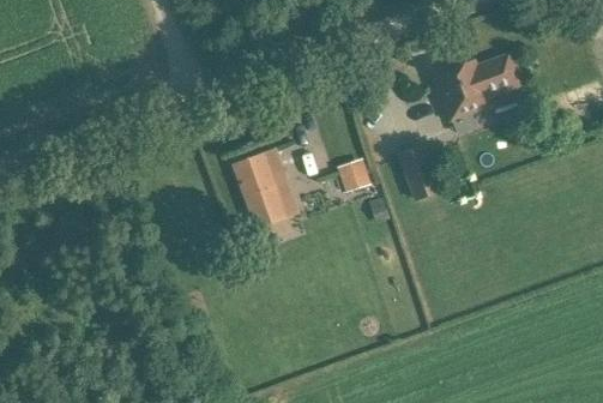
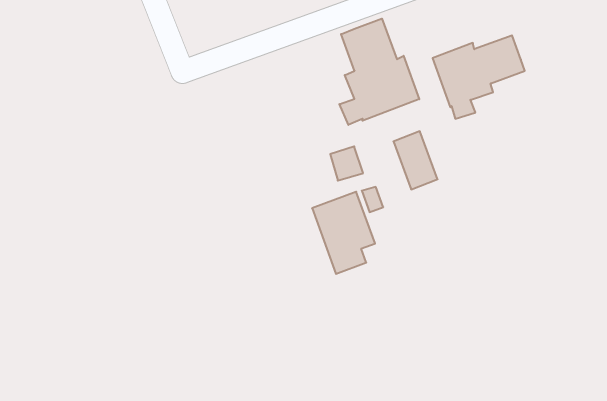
building: none -> [339,19,419,125]
building: [234,149,294,227] -> [312,192,375,274]

